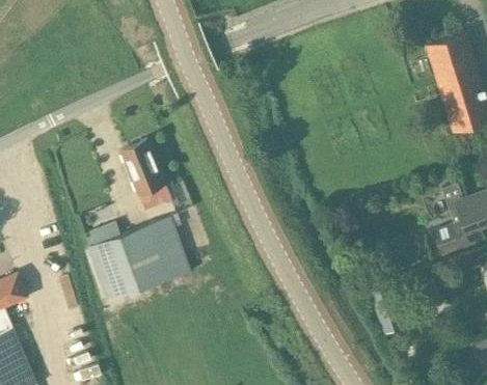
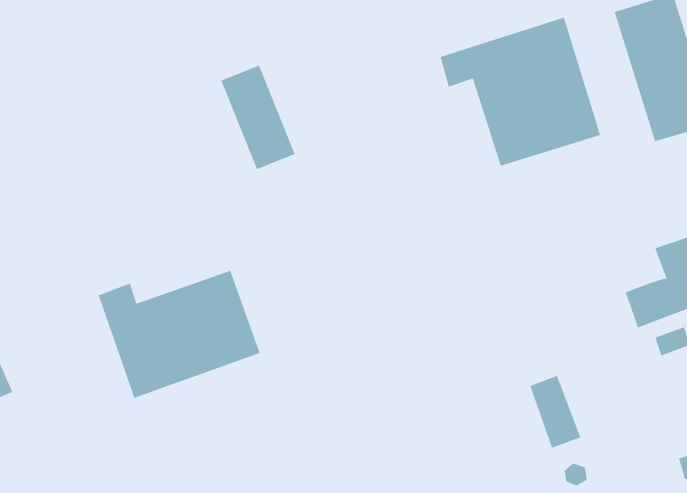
building: none -> [440,17,601,166]
building: [121,141,171,211] -> [220,65,296,170]

